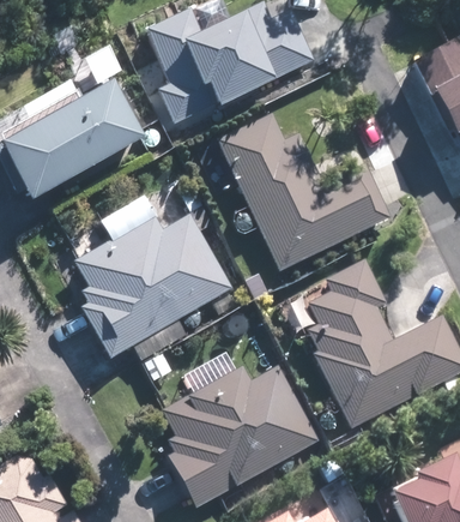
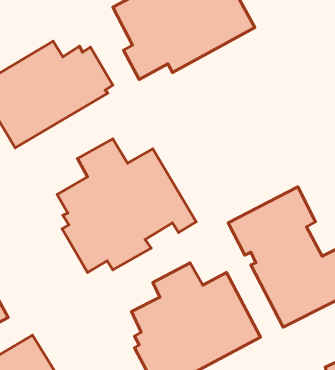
building: [218,112,392,271] -> none

